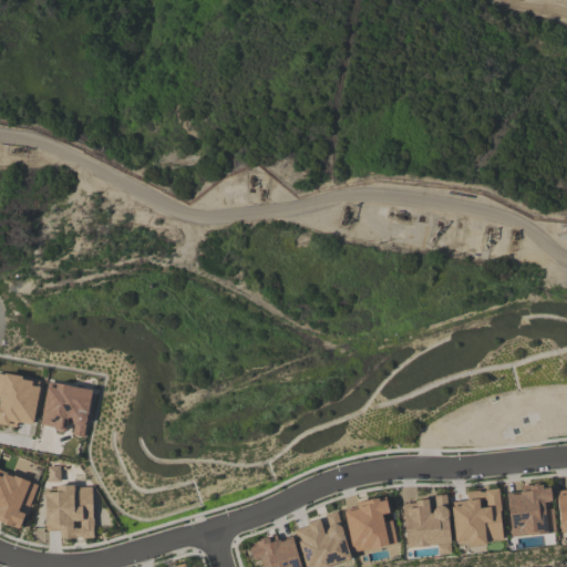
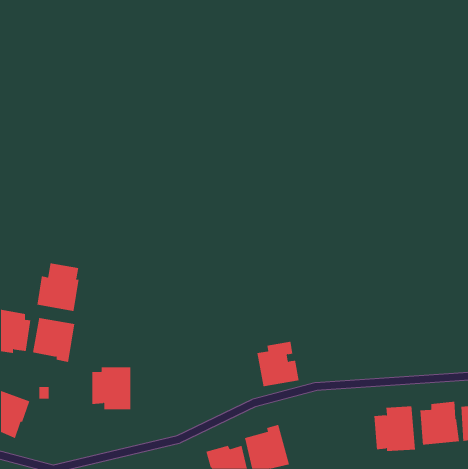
building: none -> [37,263,79,312]
building: [45,486,93,538] -> [92,367,131,410]
building: [403,495,452,555] -> none
building: [344,497,396,553] -> [256,341,300,387]

